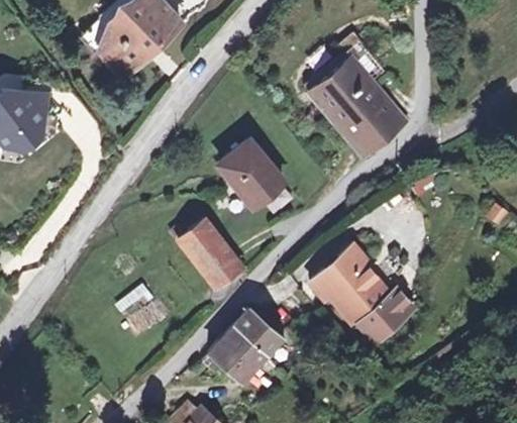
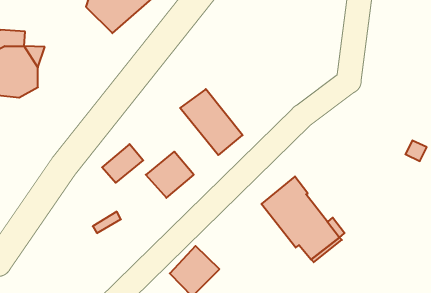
building: [317,64,399,147] -> none
building: [198,242,246,288] -> [102,144,143,183]
building: [232,309,278,353] -> none

